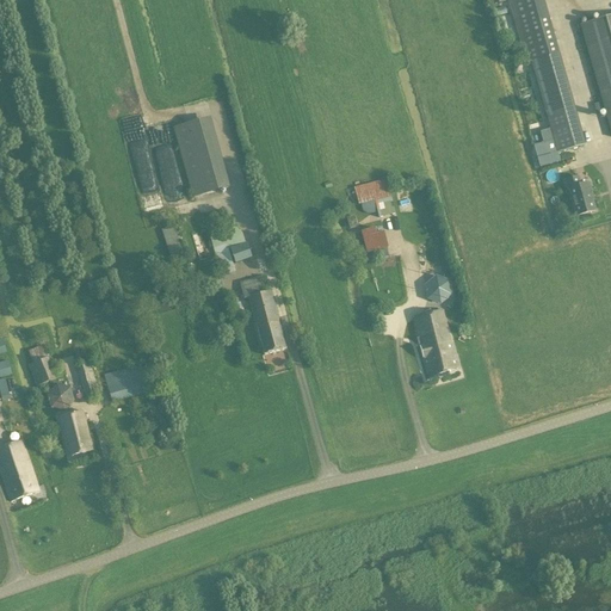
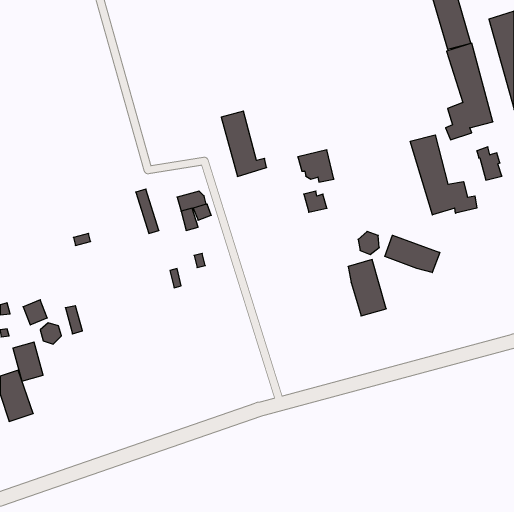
building: [174,118,228,196] -> [221,111,267,176]
building: none -> [410,135,477,215]
building: [239,276,286,353] -> none
building: none -> [385,235,440,273]
building: [104,364,149,401] -> none
building: [57,409,93,456] -> [13,342,43,381]

